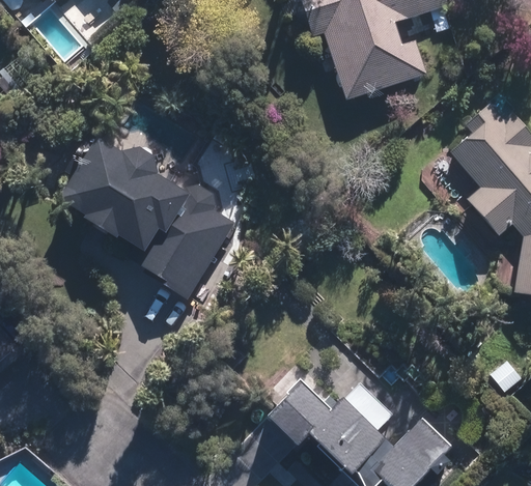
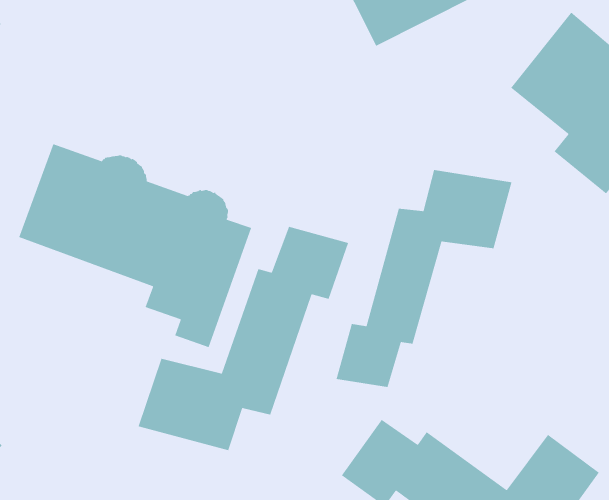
building: none -> [335,169,512,388]
building: none -> [138,226,349,451]

